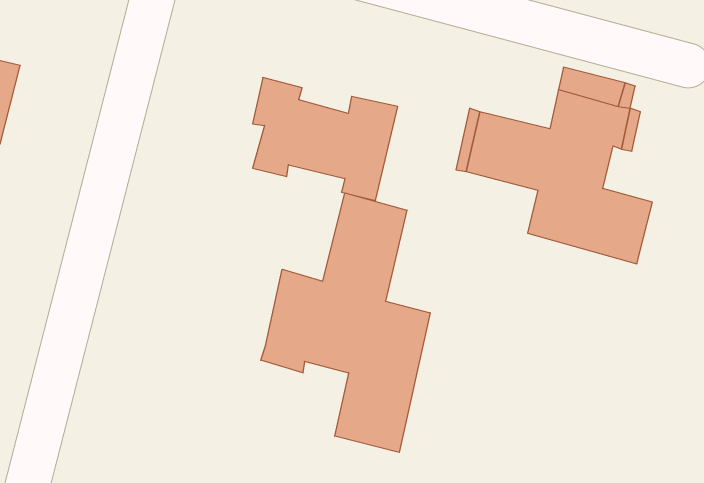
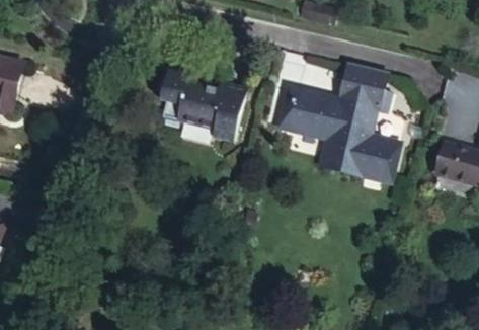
building: [261,193,430,452] -> none

